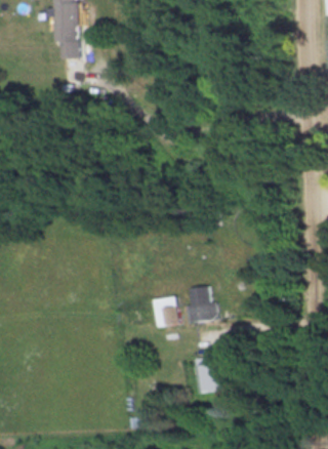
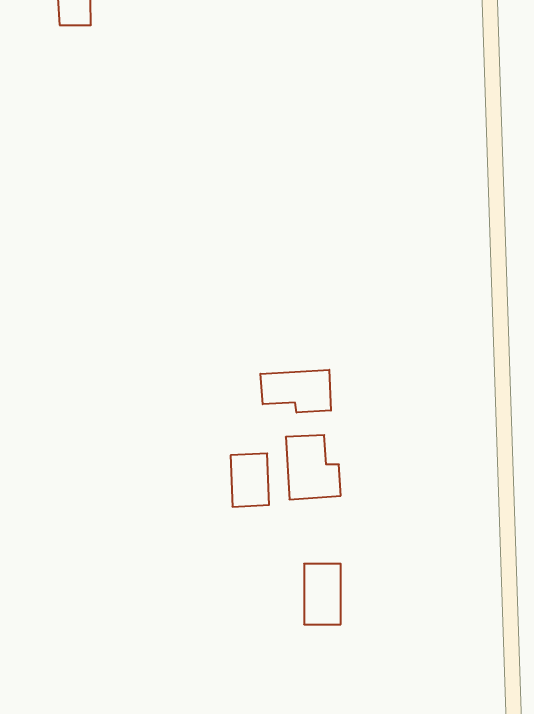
building: none -> [260,370,331,413]

